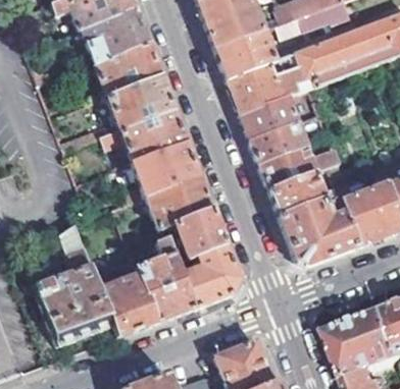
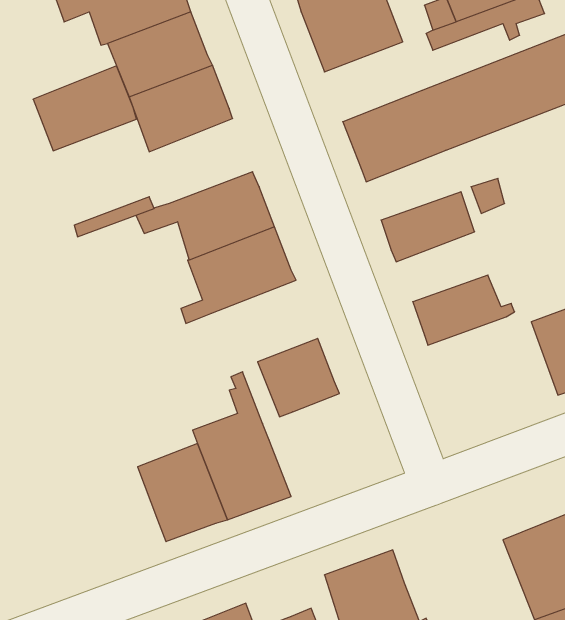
building: [215,29,276,77] -> none
building: [108,75,171,127] -> [33,66,136,151]
building: [241,95,299,137] -> none
building: [259,145,339,187] -> none
building: [146,174,211,230] -> none
building: [279,197,358,264] -> none
building: [35,223,113,341] -> none
building: [182,243,238,307] -> none

